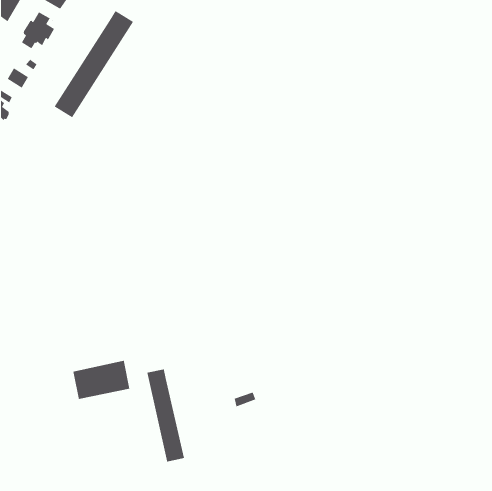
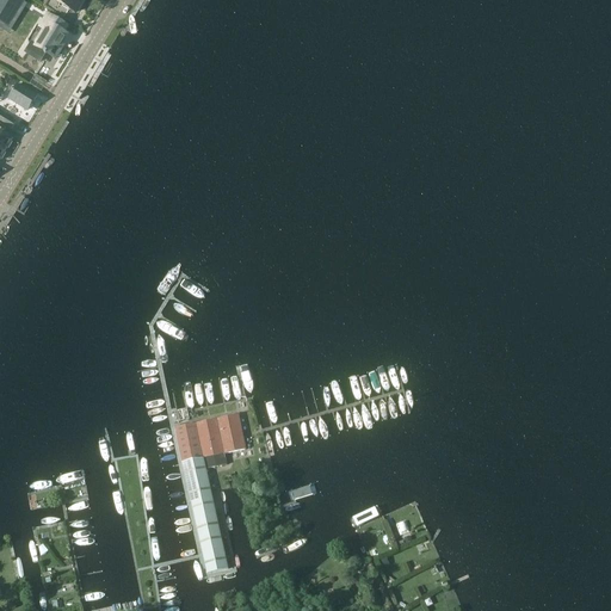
building: [54,10,134,118] -> none
building: [72,360,130,399] -> [174,413,246,462]

